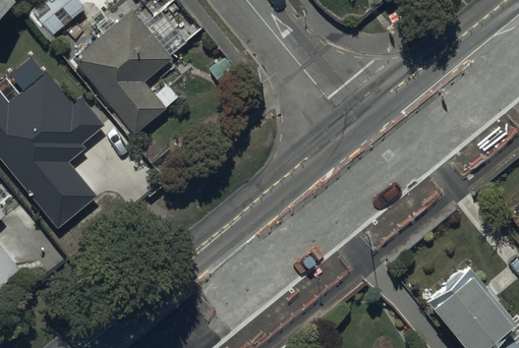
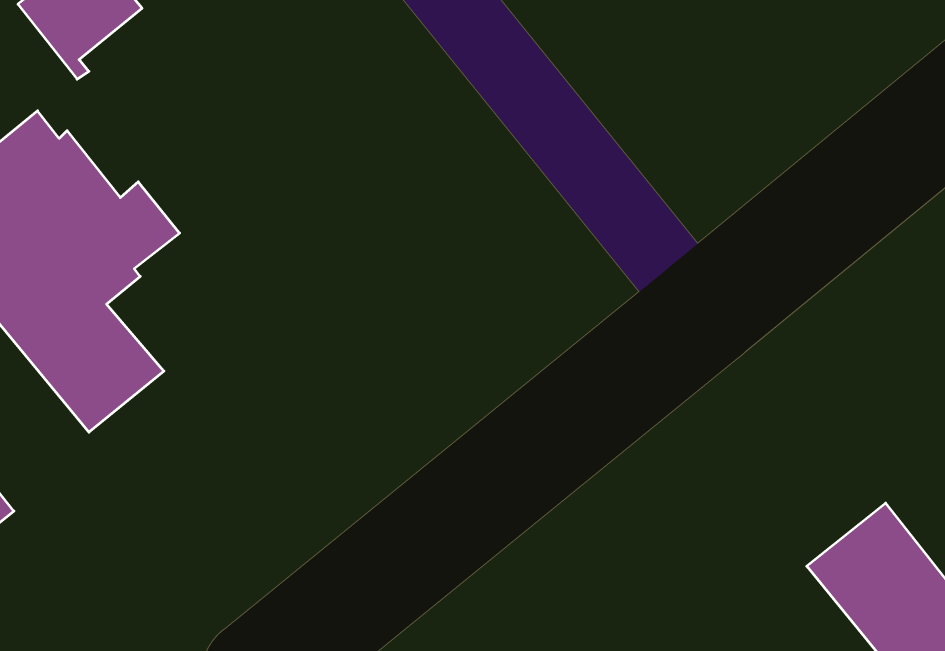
building: [70,10,176,133] -> none

